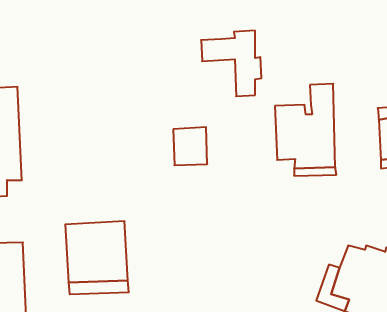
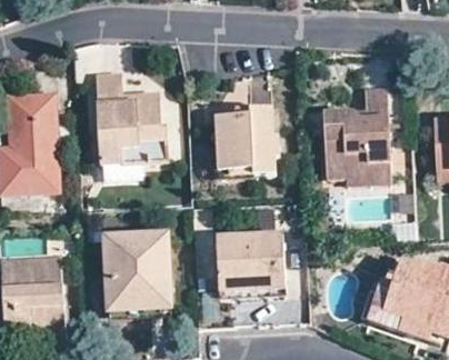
building: [201,31,261,96] -> [217,104,280,173]
building: none -> [96,70,168,182]
building: none -> [217,232,286,290]

